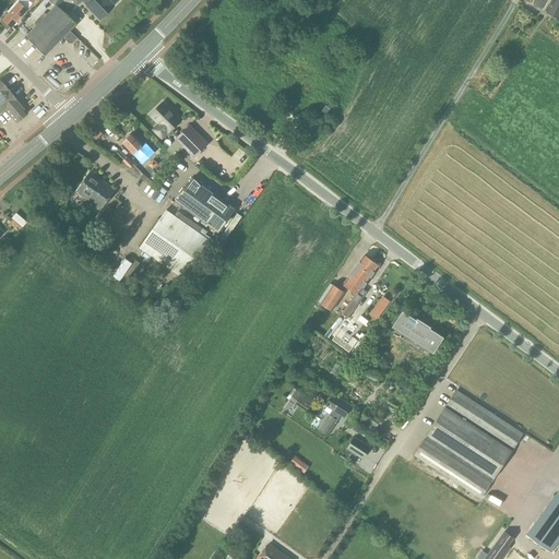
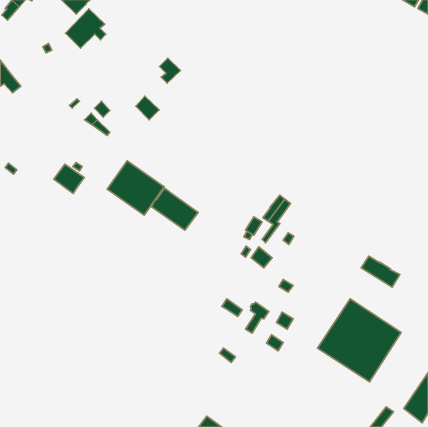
building: [24,4,76,56] -> [65,9,106,48]
building: [152,104,179,136] -> [160,58,181,83]
building: [76,171,116,210] -> [54,164,84,194]
building: [175,177,236,231] -> [151,188,198,230]
building: [394,311,444,352] -> [361,256,400,287]

